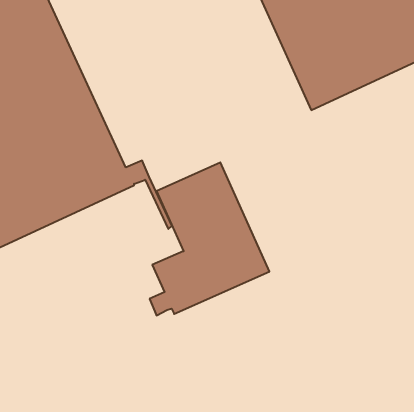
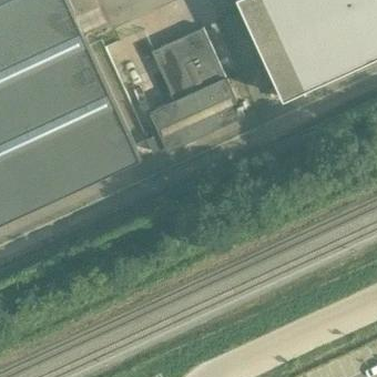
building: [150,162,269,315] -> [144,30,242,154]

